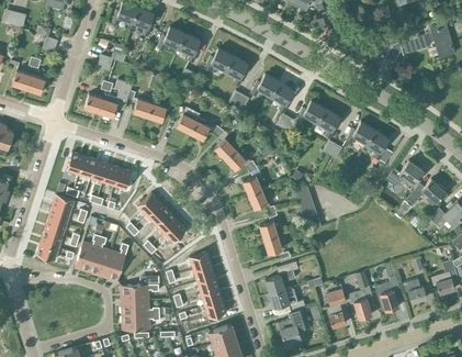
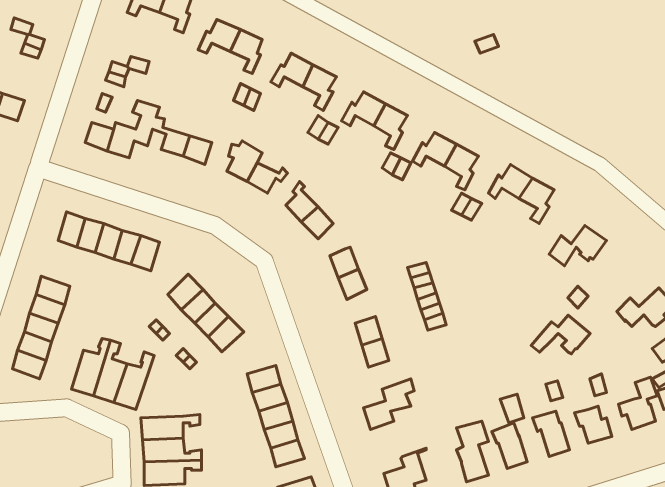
building: [384,23,453,64] -> none
building: [406,180,444,205] -> [531,315,590,354]
building: [269,288,305,312] -> none

